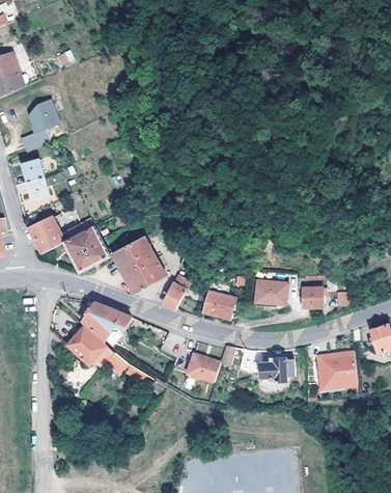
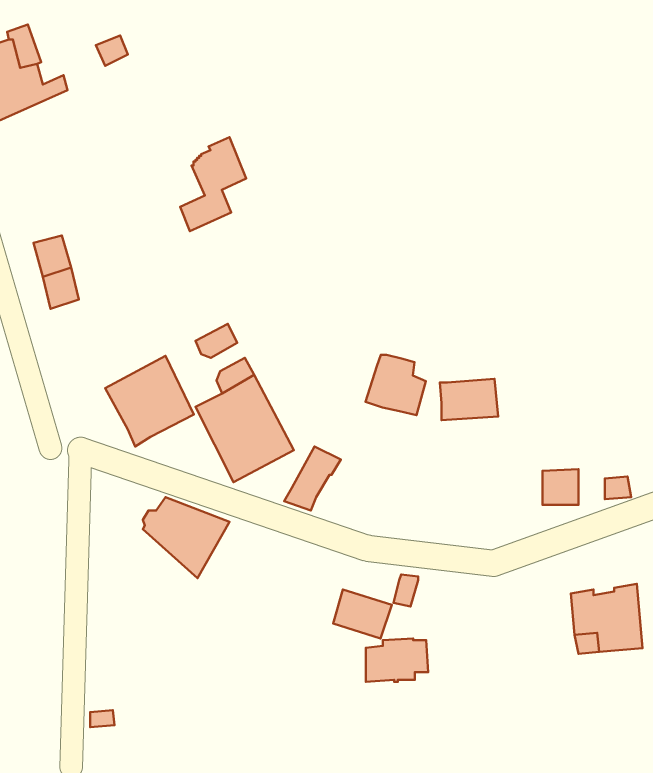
building: [21,100,57,152] -> [180,137,246,231]
building: [27,216,94,253] -> none
building: [253,283,285,306] -> [440,379,498,420]
building: [200,284,233,318] -> [366,355,426,415]
building: [66,326,125,376] -> none
building: [259,358,294,382] -> [366,638,428,682]

